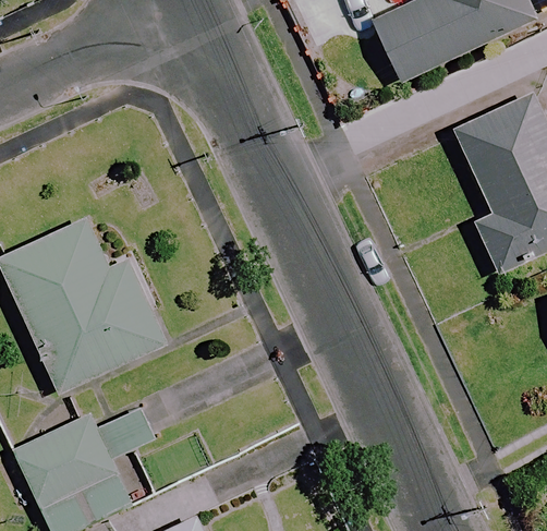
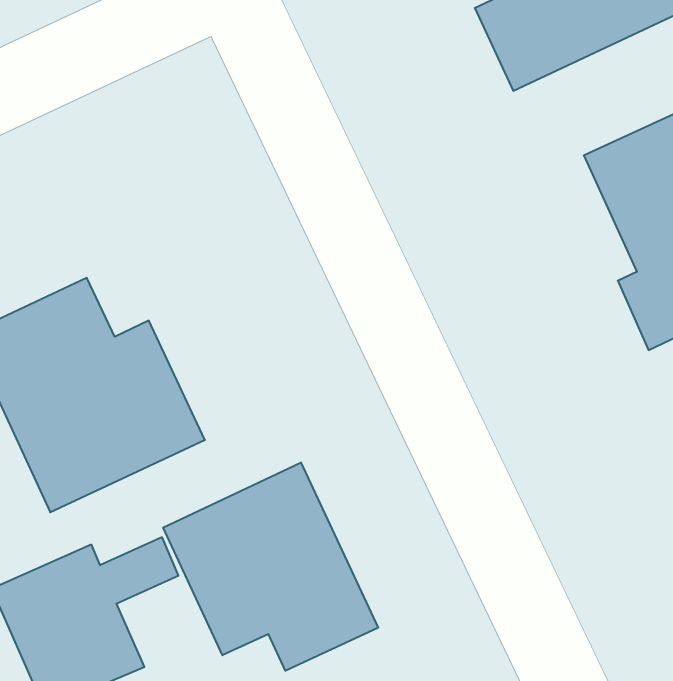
building: none -> [163,462,378,671]

